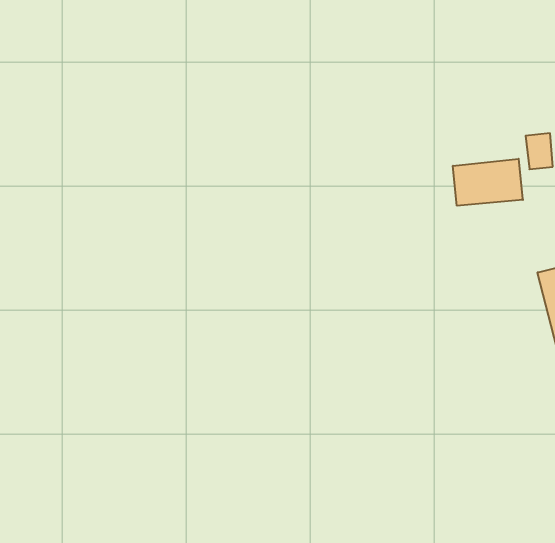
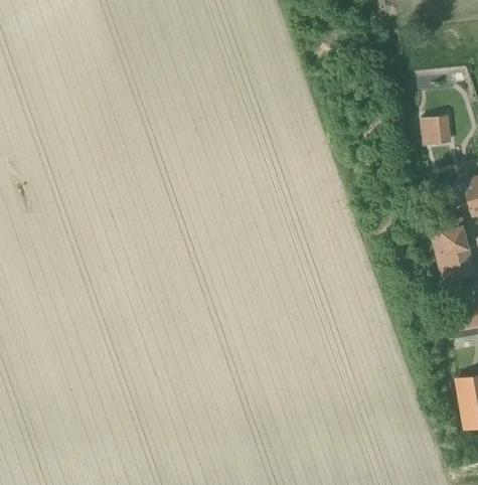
building: [453,159,523,206] -> none

